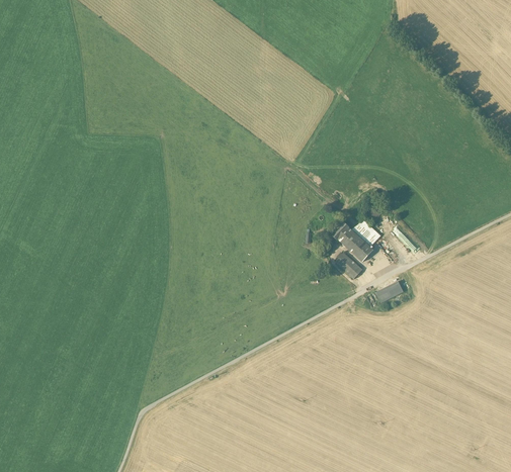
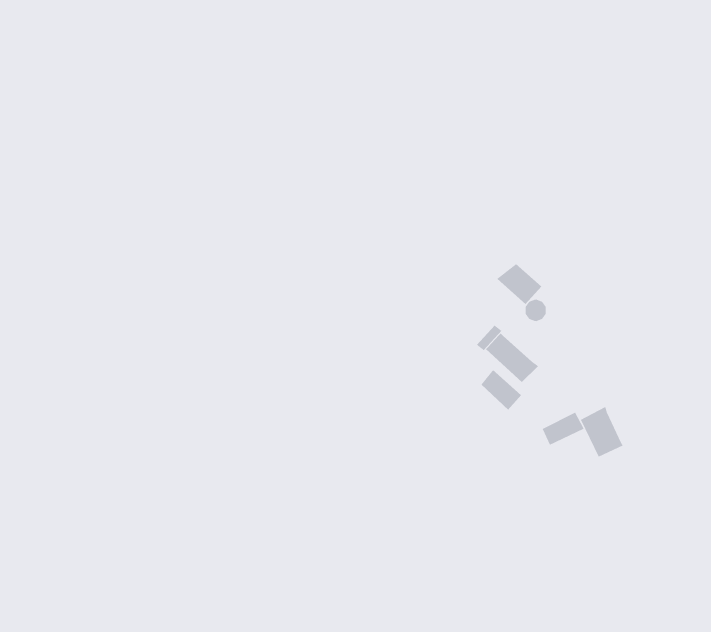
building: [349,220,379,248] -> [496,263,542,305]
building: none -> [580,406,623,458]

